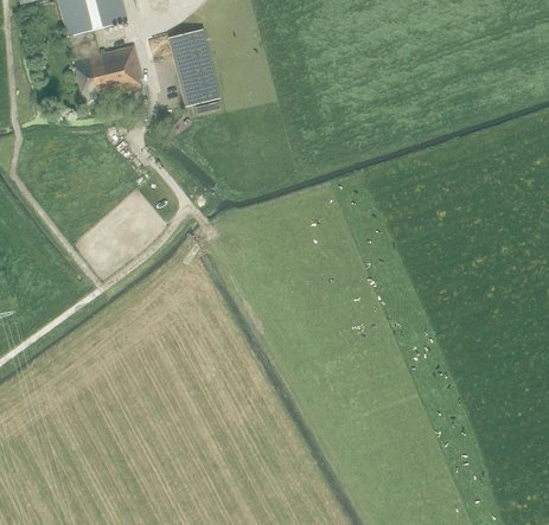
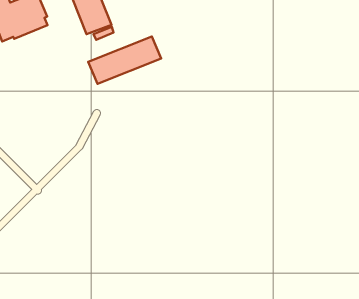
building: none -> [88,37,161,84]

